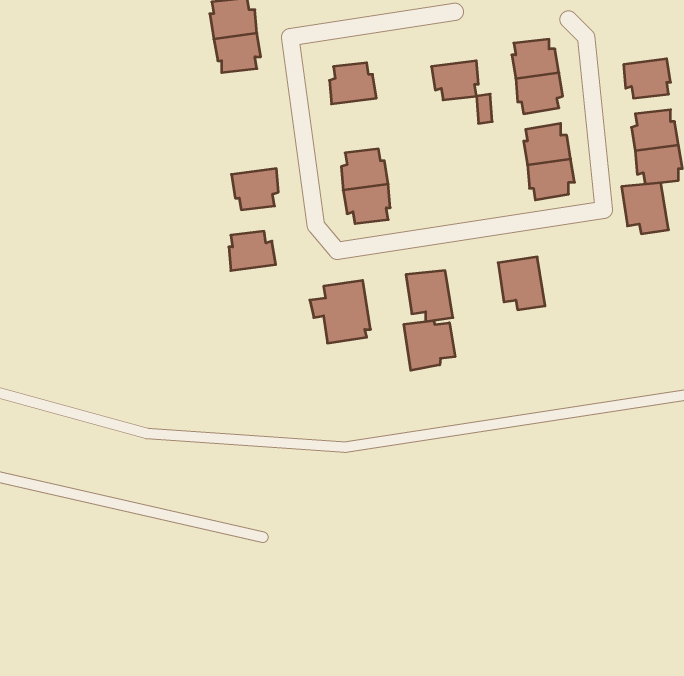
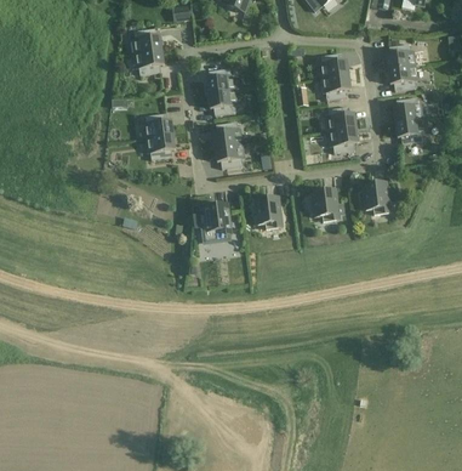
building: none -> [386,44,415,69]
building: [431,61,478,100] -> [207,90,236,114]
building: [622,183,669,234] -> [361,182,390,214]
building: [229,231,276,271] -> [144,113,173,137]
building: [404,321,455,370] -> none

